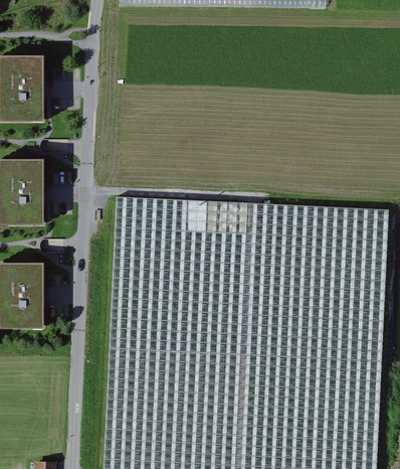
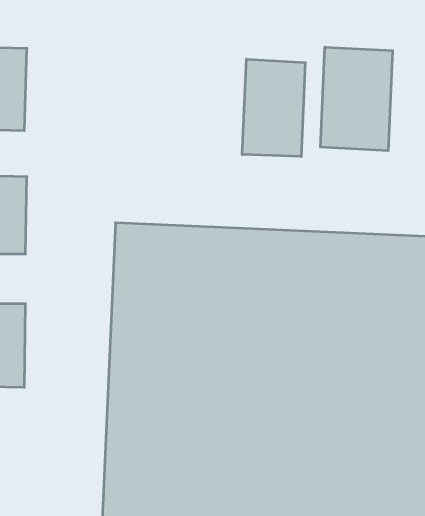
building: none -> [321,47,393,151]
building: none -> [242,59,305,157]

